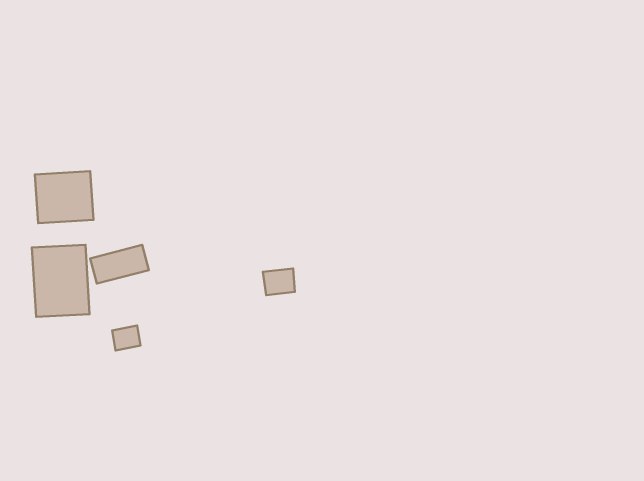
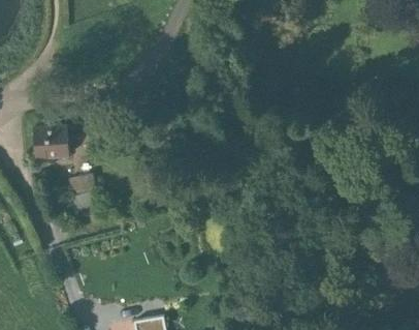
building: [32,245,90,317] -> none

